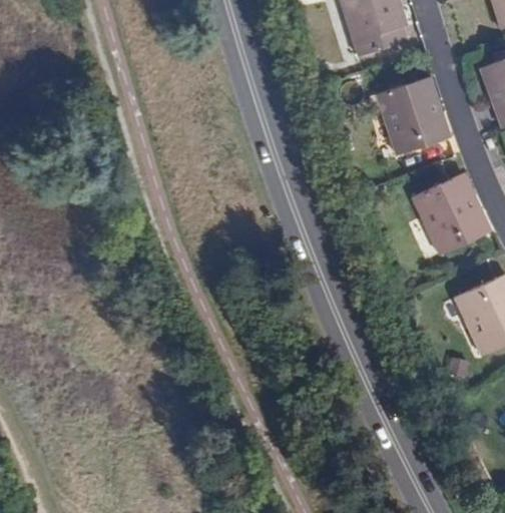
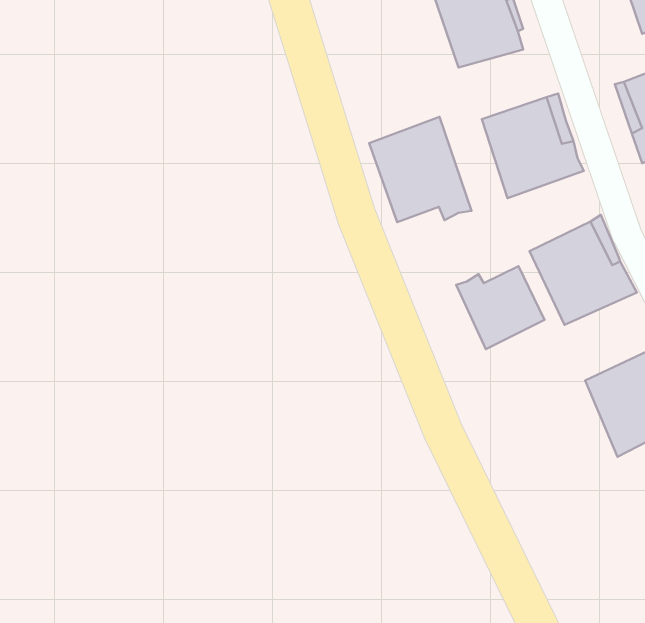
building: none -> [369,117,471,222]
building: none -> [456,266,545,349]

